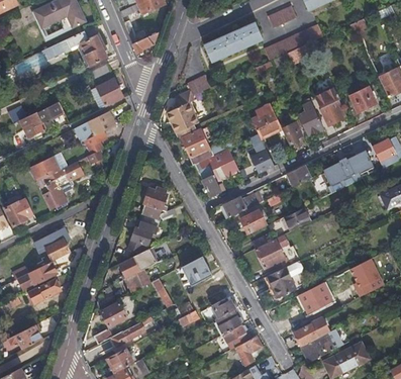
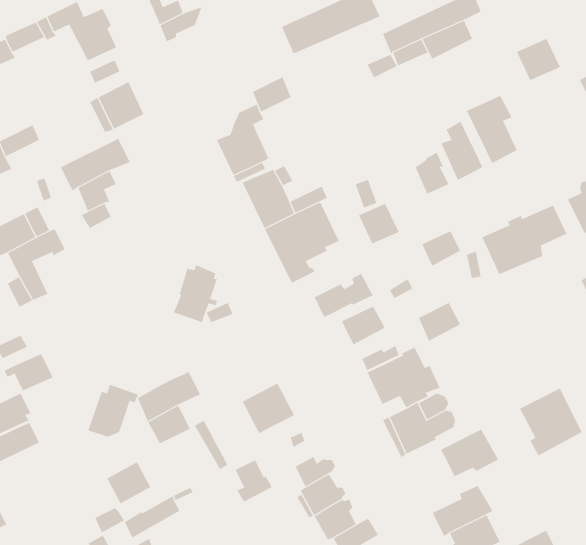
building: [349,87,376,112] -> [516,38,561,81]
building: [252,104,282,139] -> none
building: [127,222,158,254] -> [87,384,139,437]

